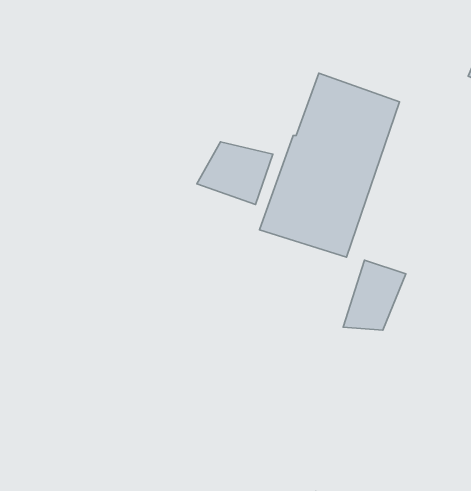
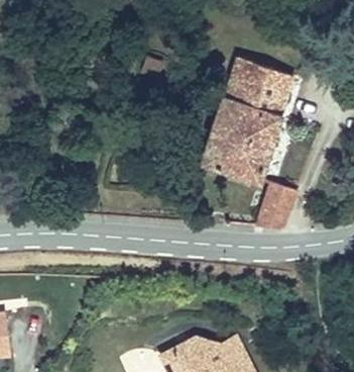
building: [197,142,273,205] -> none

